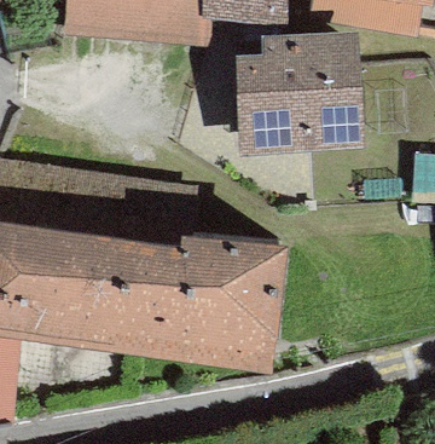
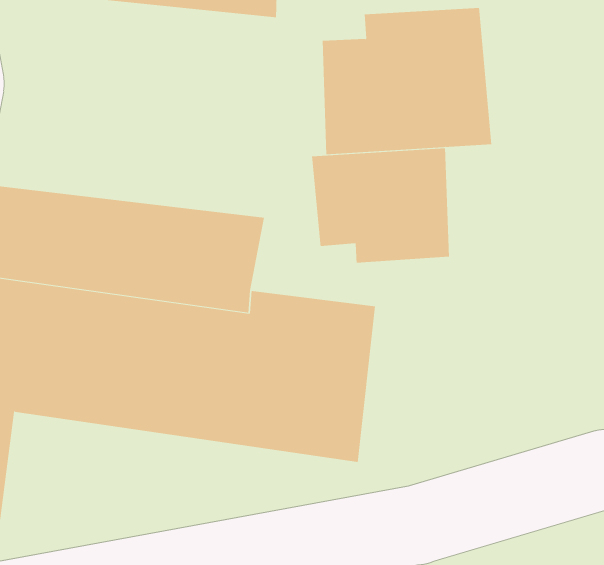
building: none -> [312,147,449,263]

